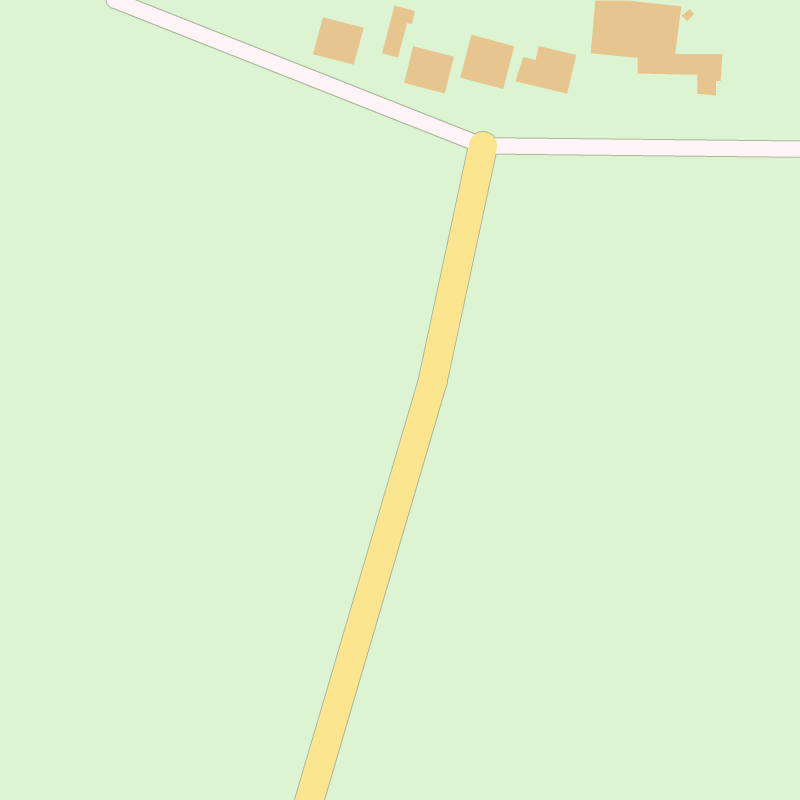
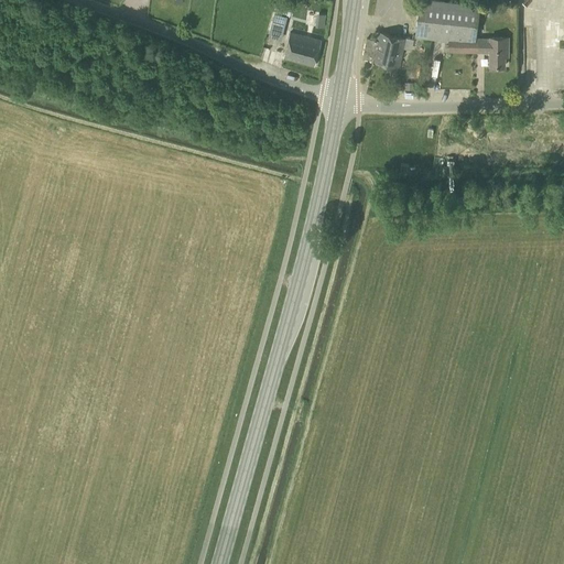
building: [312,16,364,66] -> none
building: [460,34,515,90] -> none

